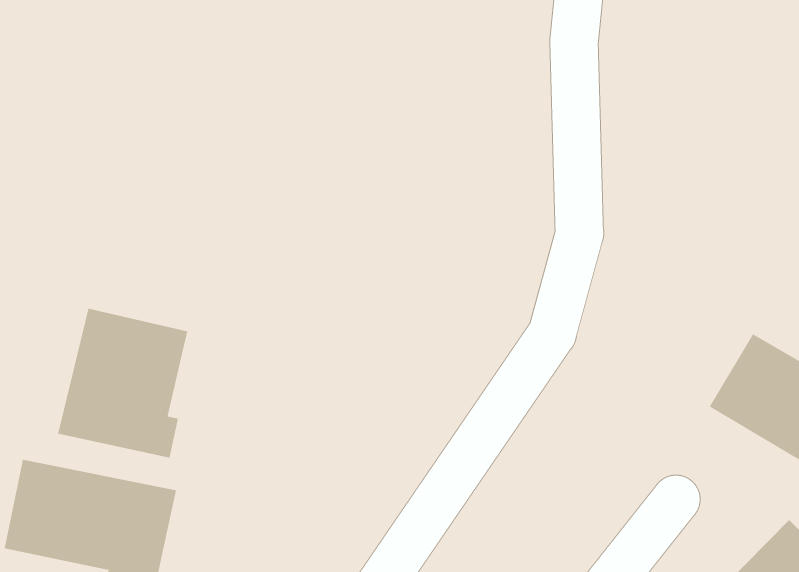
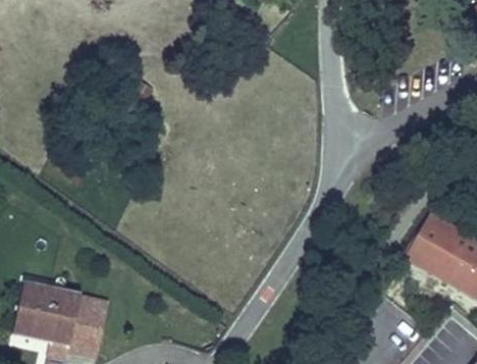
building: [57,308,188,459] -> none

